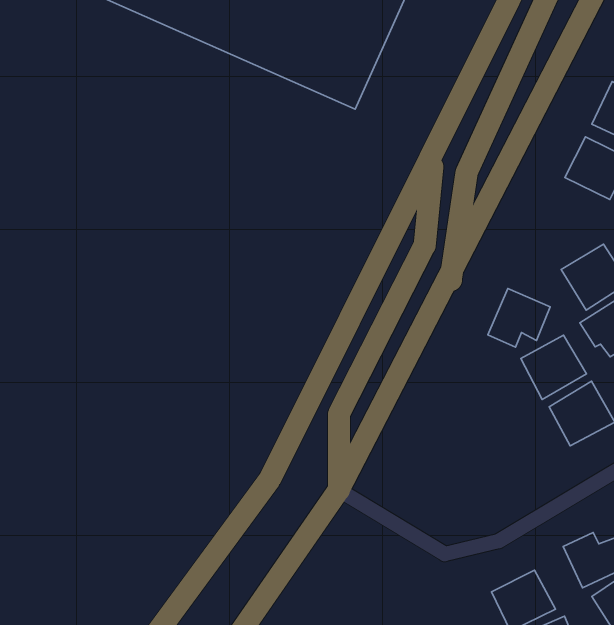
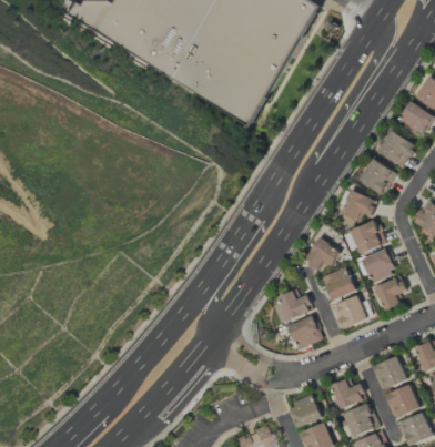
building: none -> [342,190,376,220]
building: none -> [270,289,313,323]
building: none -> [287,314,323,348]

